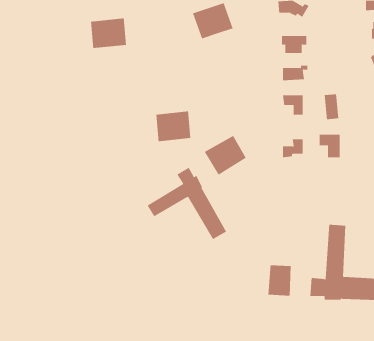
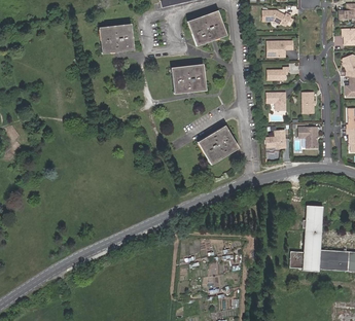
building: [156,111,191,142] -> [173,66,204,93]
building: [147,167,227,240] -> none
building: [268,264,291,296] -> none

